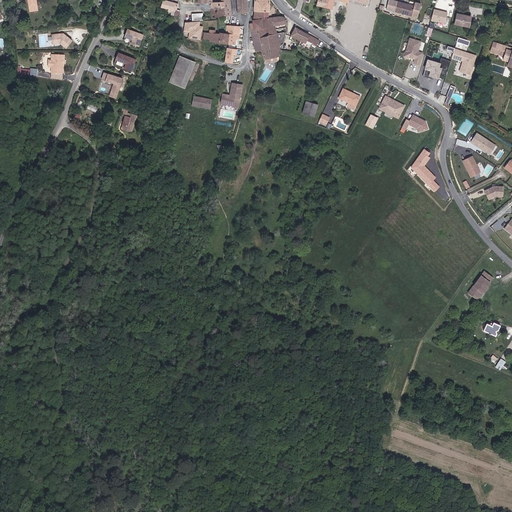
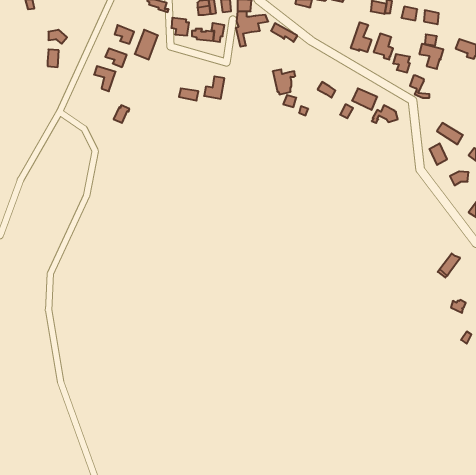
building: none -> [351,22,371,52]
building: [261,34,285,61] -> [273,69,295,94]
building: [170,55,195,87] -> [135,30,158,60]
building: [411,147,440,191] -> none

